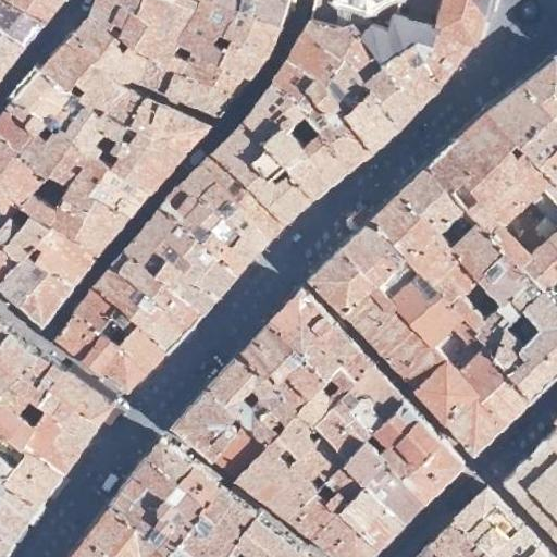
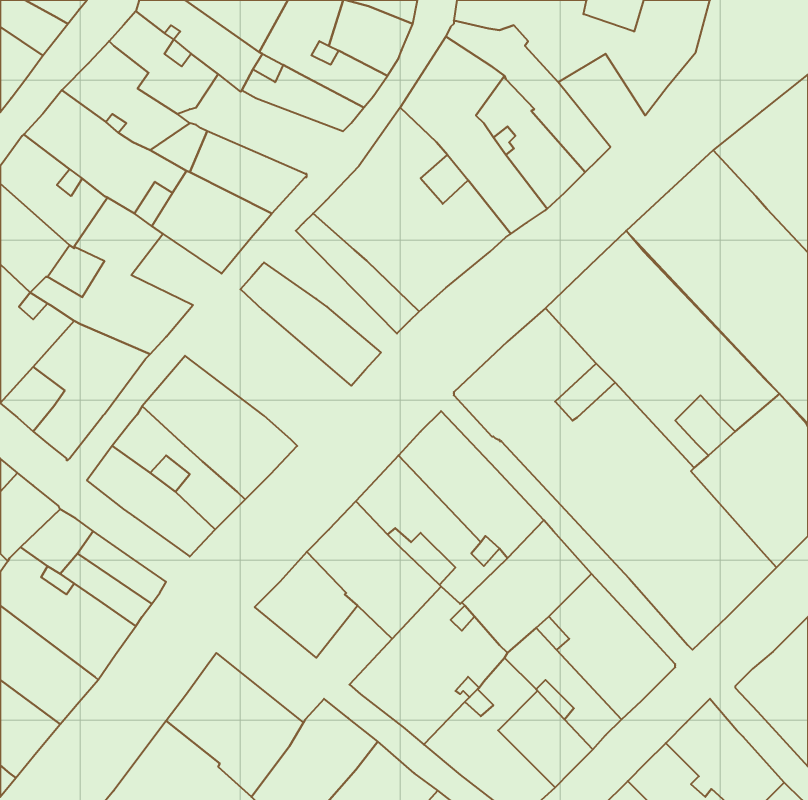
building: [384,42,444,107] -> none
building: [135,57,236,116] -> none
building: [182,164,273,248] -> none
building: [90,166,152,215] -> none
building: [127,205,242,312] -> none
building: [218,422,270,476] -> none
building: [149,437,223,503] -> none

